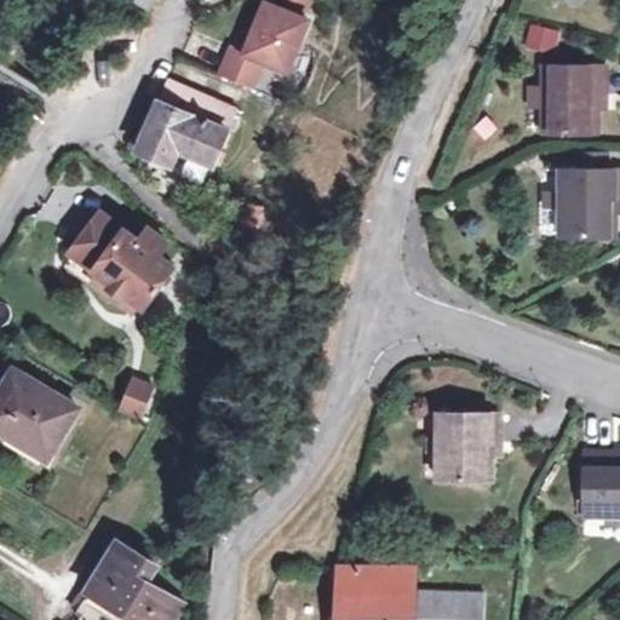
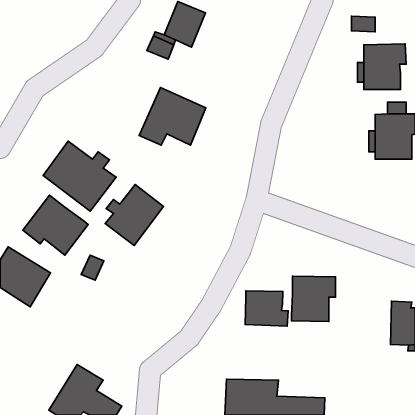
building: [136,78,235,163] -> [139,88,206,145]
building: none -> [105,184,164,245]
building: none -> [23,195,88,255]
building: none -> [245,291,288,326]

